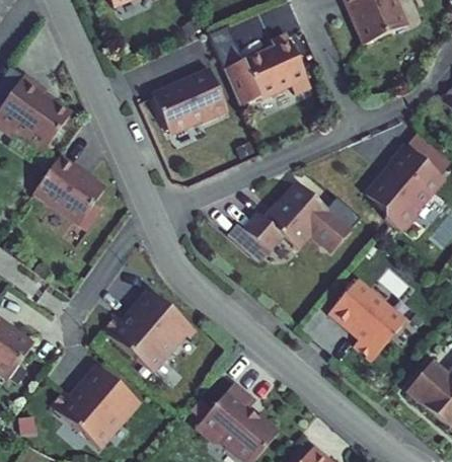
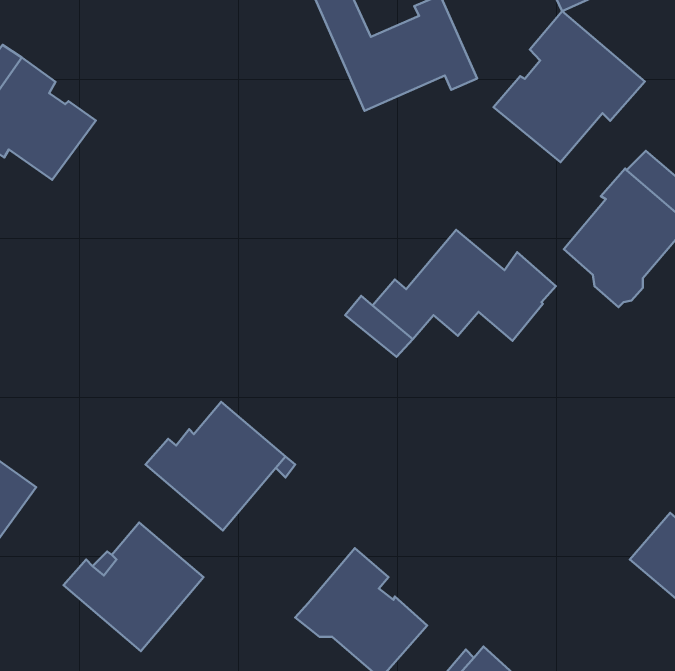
building: none -> [494,11,645,162]
building: [153,68,228,132] -> none
building: [33,157,104,231] -> none
building: [329,279,406,360] -> none

